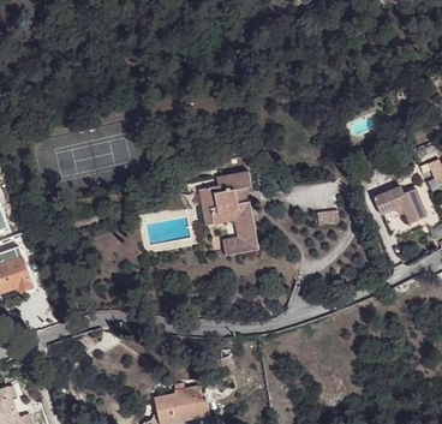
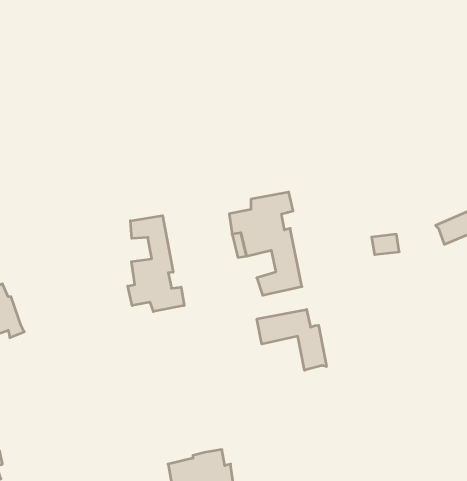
building: none -> [128,216,184,312]
building: none -> [257,309,326,370]

